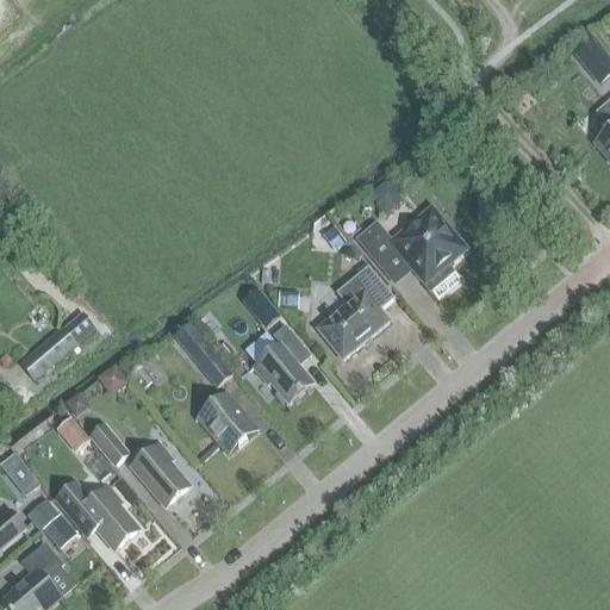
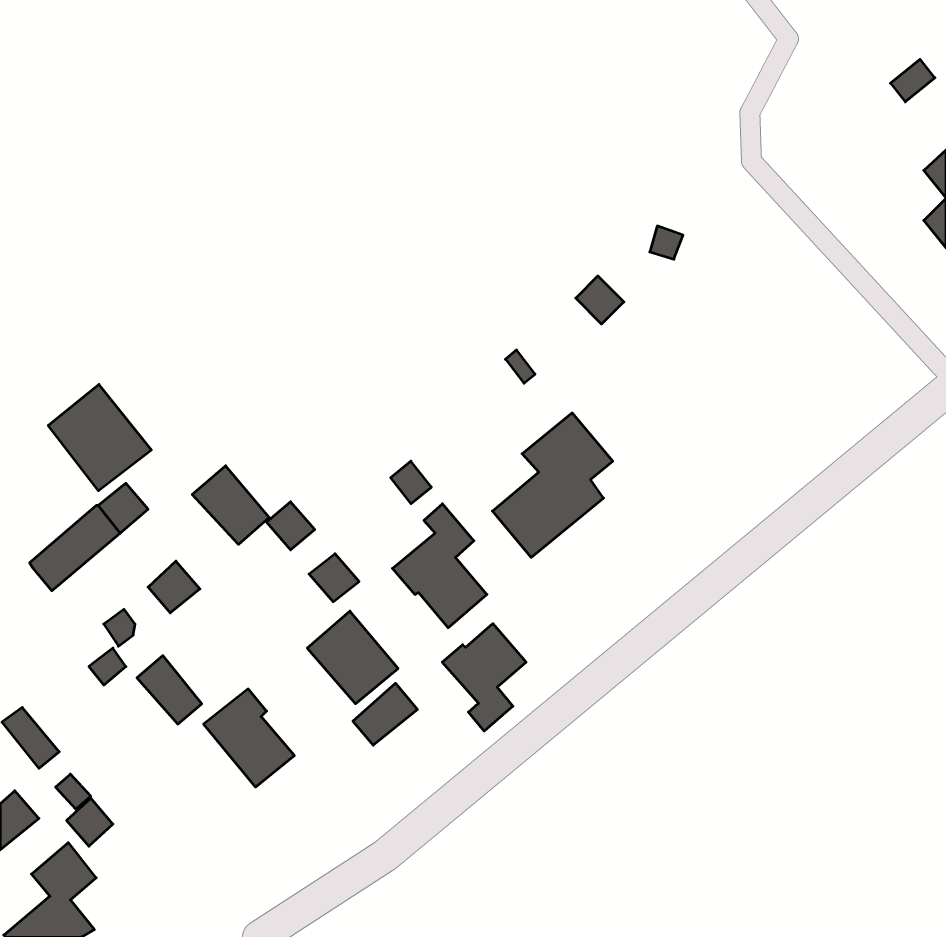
building: [356,207,465,297] -> none
building: none -> [48,384,151,491]
building: none -> [192,466,269,544]
building: none -> [442,624,526,731]
building: none -> [353,683,417,745]
building: [55,484,138,549] -> none

